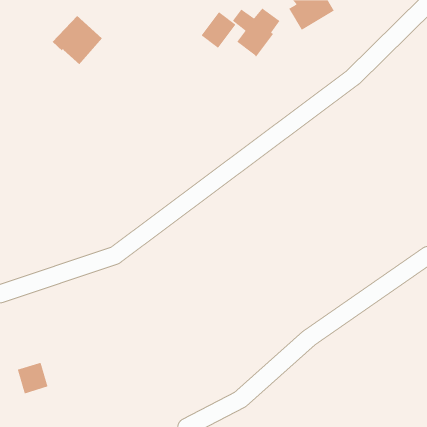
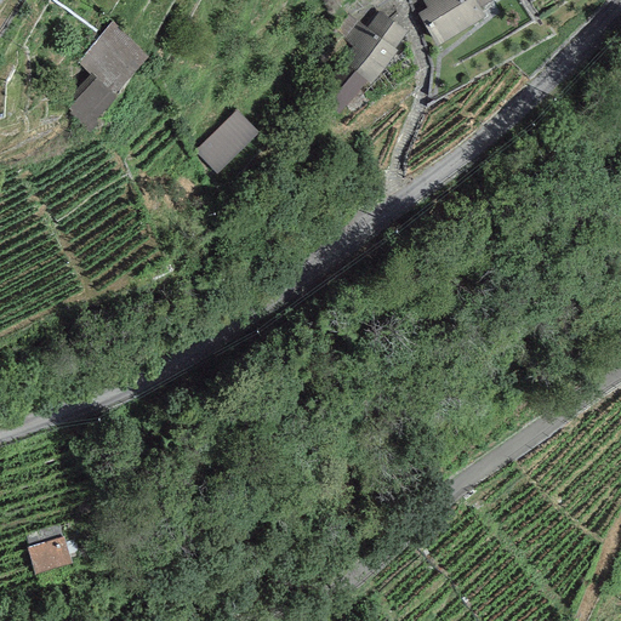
building: [200,11,236,49] -> [317,61,369,115]
building: none -> [68,73,116,131]
building: none -> [195,109,260,172]

